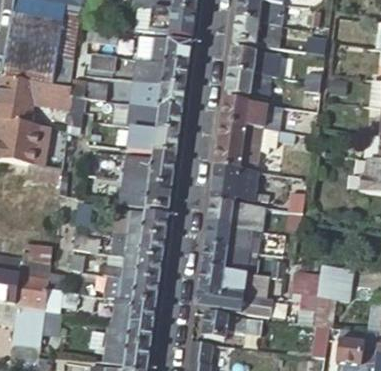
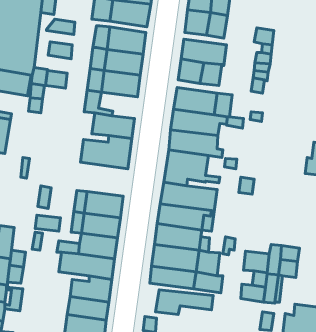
building: [141,104,182,132] -> none
building: [119,178,172,209] -> none

